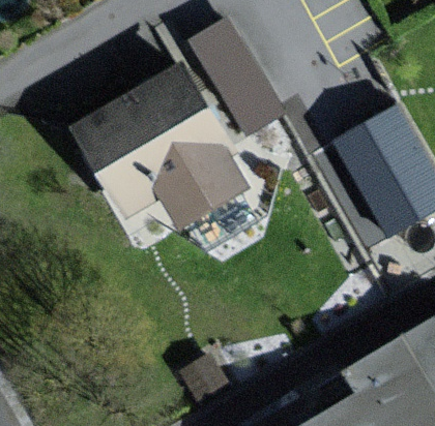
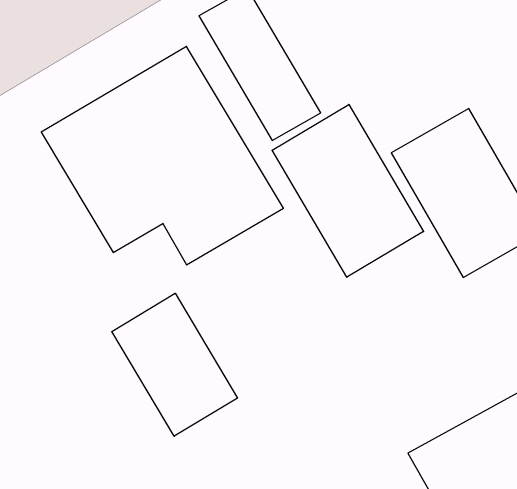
building: none -> [272,104,424,277]
building: none -> [112,293,238,436]

